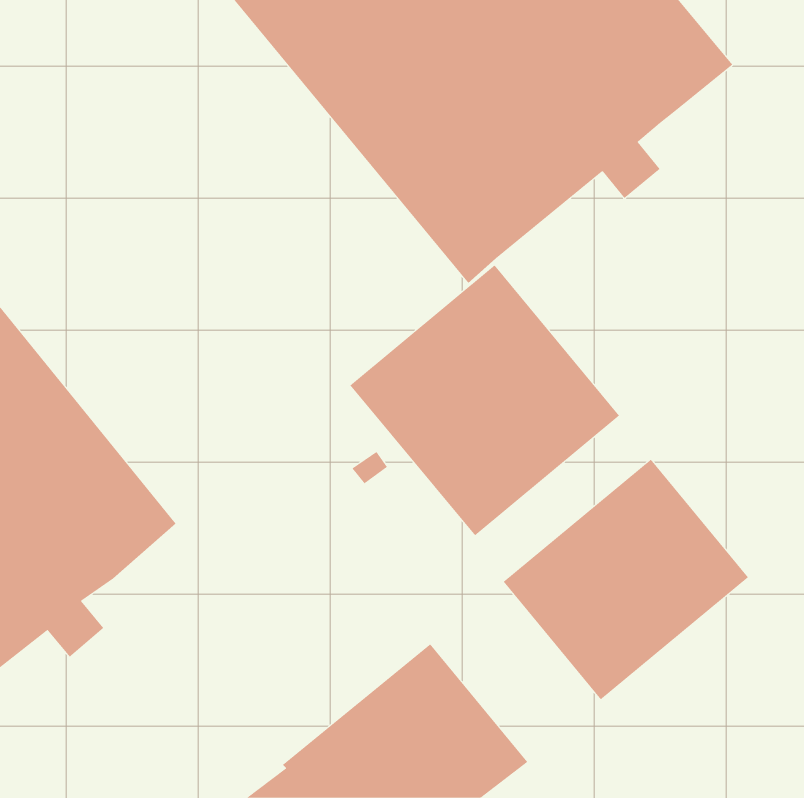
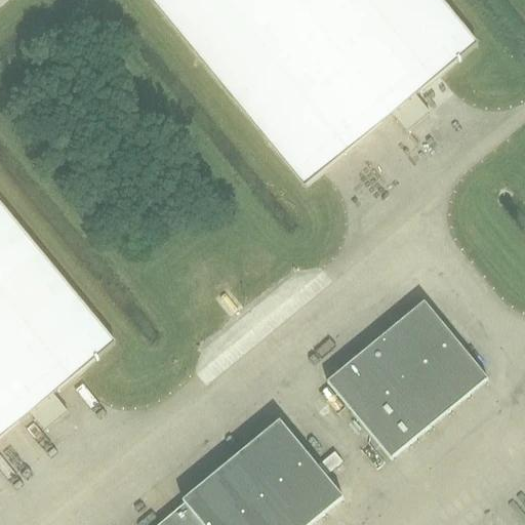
building: [350,265,620,536] -> none

